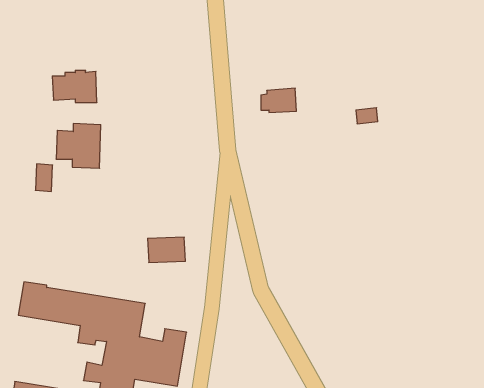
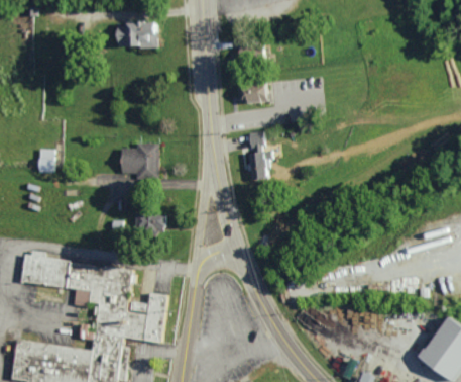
building: [52,70,97,102] -> [114,19,153,47]
building: [56,124,101,168] -> [118,141,157,181]
building: none -> [245,130,268,180]

